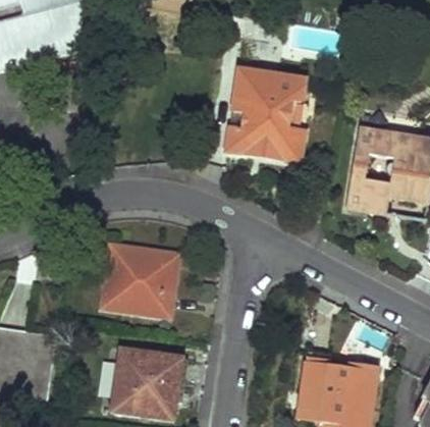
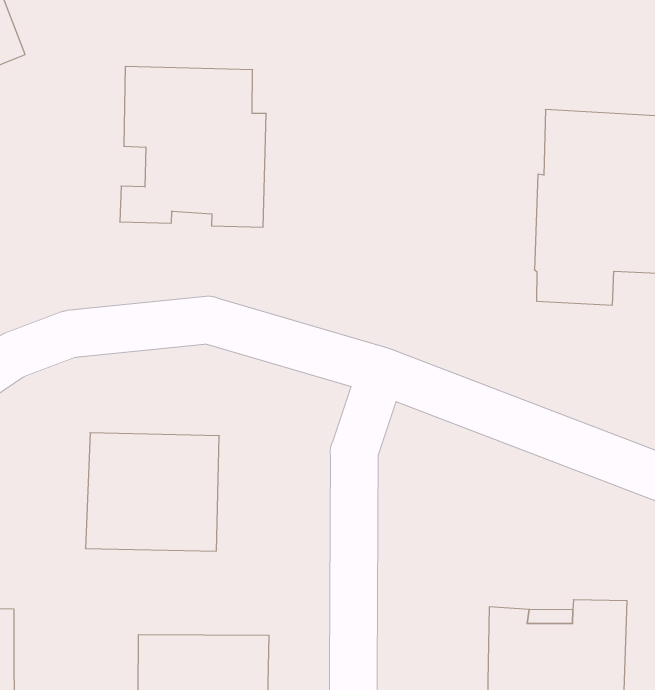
building: [225,69,308,161] -> [120,66,266,227]

